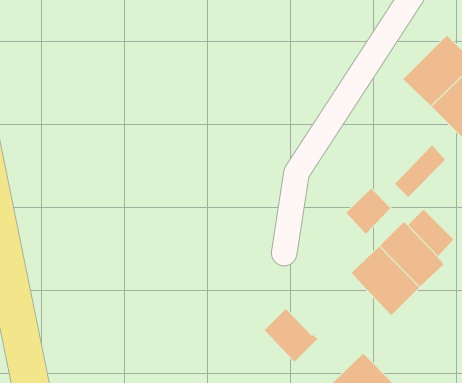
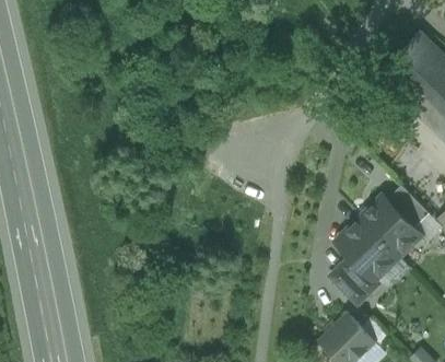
building: [394,145,446,198] -> none
building: [346,188,391,235] -> none
building: [264,308,318,362] -> [330,257,378,305]

